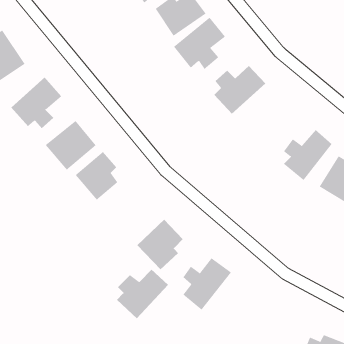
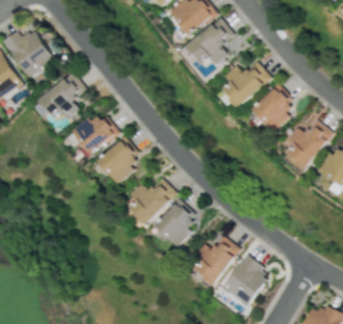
building: none -> [252,85,293,132]
building: [116,269,169,319] -> [127,179,175,224]
building: none -> [220,257,269,307]

